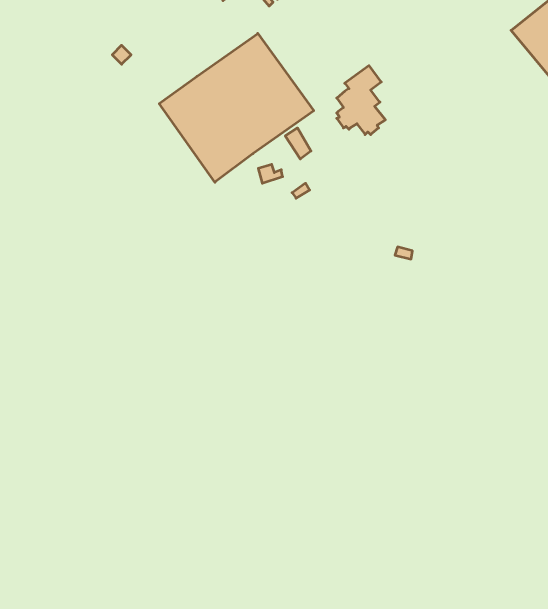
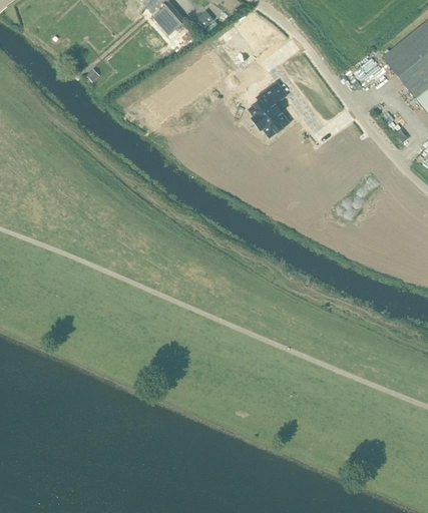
building: [159,33,314,182] -> none

